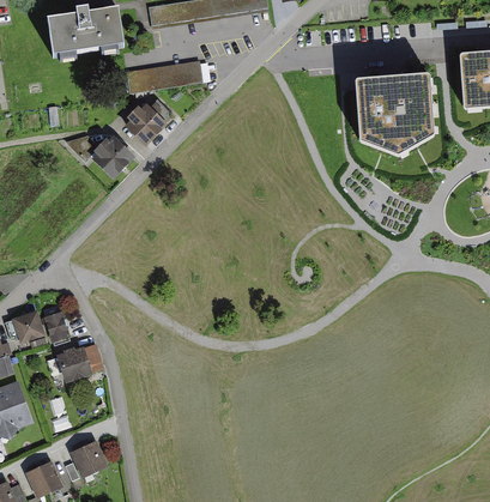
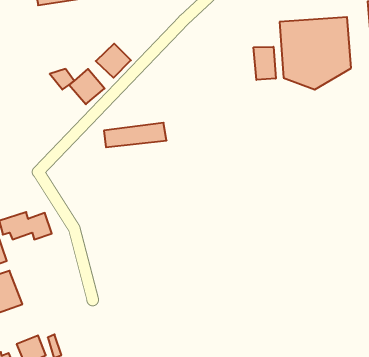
building: [125,61,201,91] -> [104,123,167,147]
building: none -> [254,47,276,80]
building: [58,344,102,382] -> none
building: [72,441,108,476] -> none

